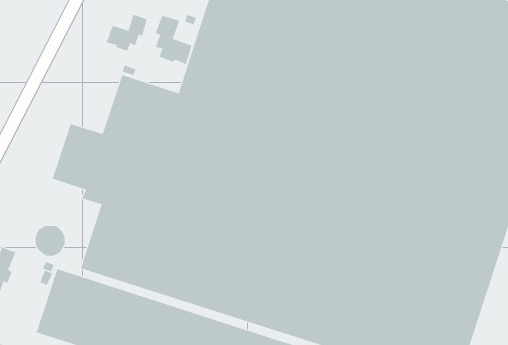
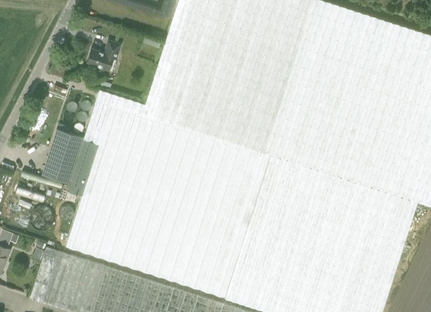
building: [155,15,192,65] -> none

